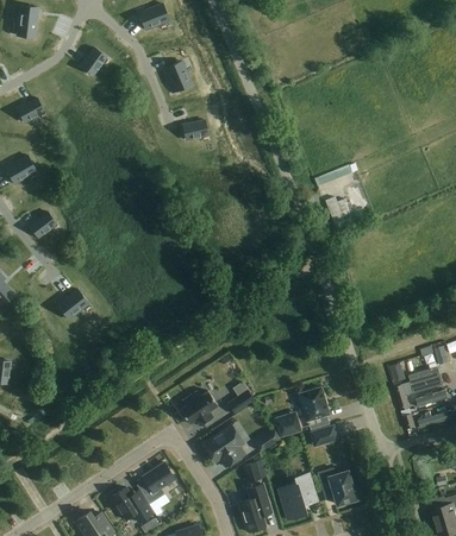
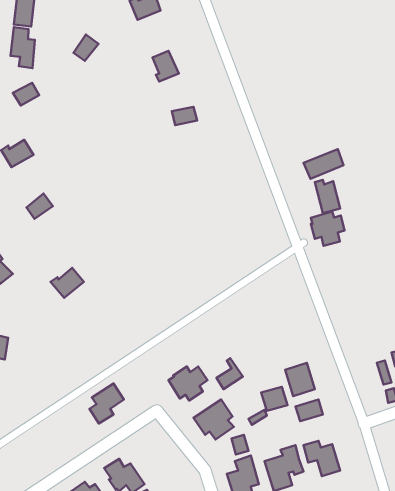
building: none -> [10,27,35,68]
building: none -> [311,212,345,246]
building: [139,462,175,504] -> [90,384,124,424]

